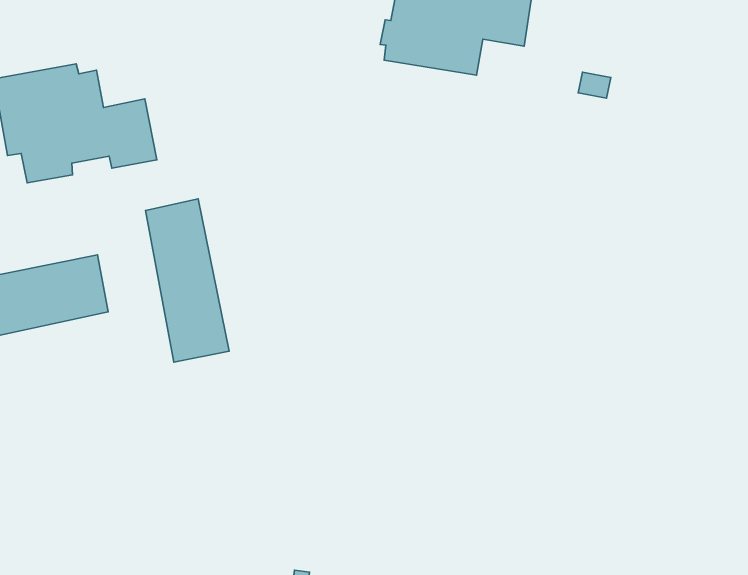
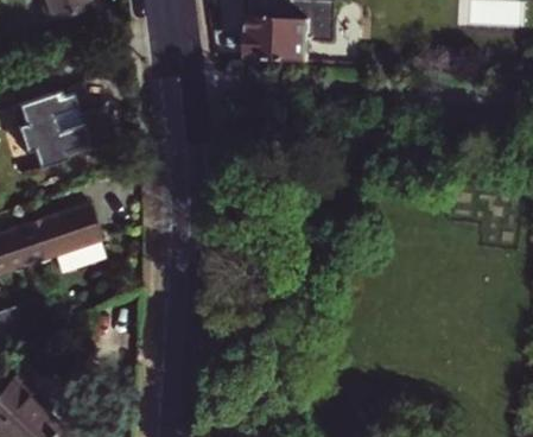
building: [145,199,229,362] -> none

